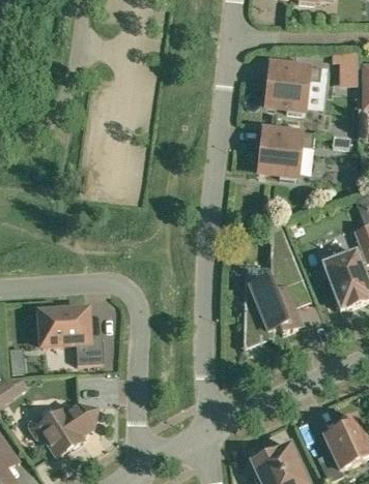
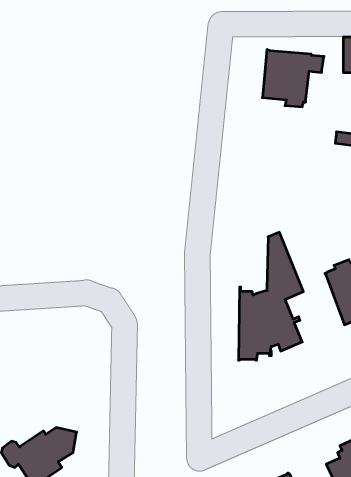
building: [258,127,314,179] -> none
building: [39,310,104,365] -> none

